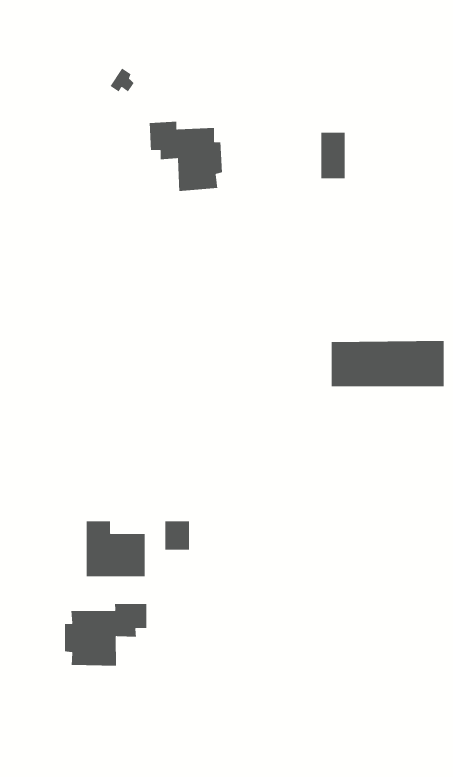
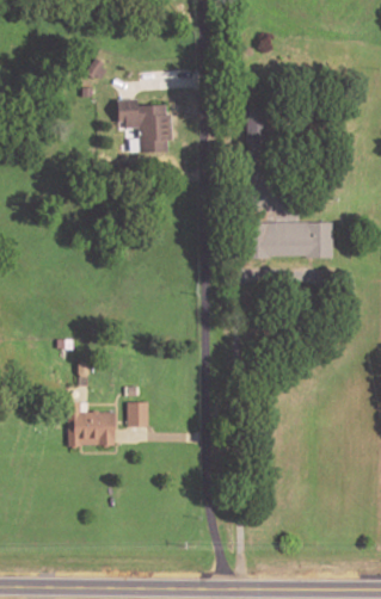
building: [331,340,444,387] -> [247,222,333,258]
building: [64,603,147,666] -> none

